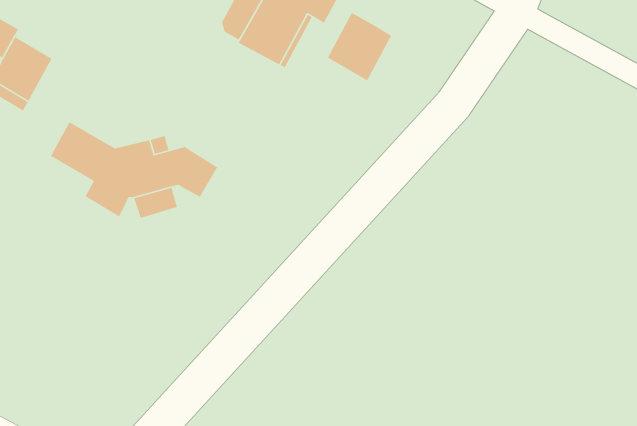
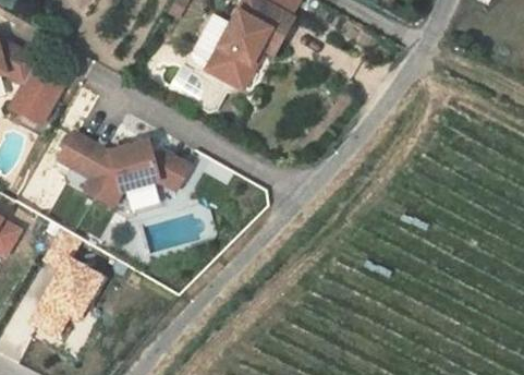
building: [327,12,392,81] -> none
building: none -> [31,227,101,338]

